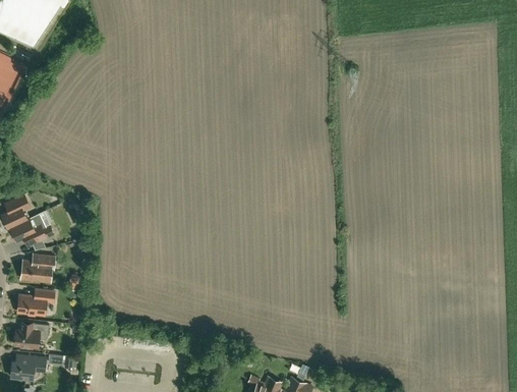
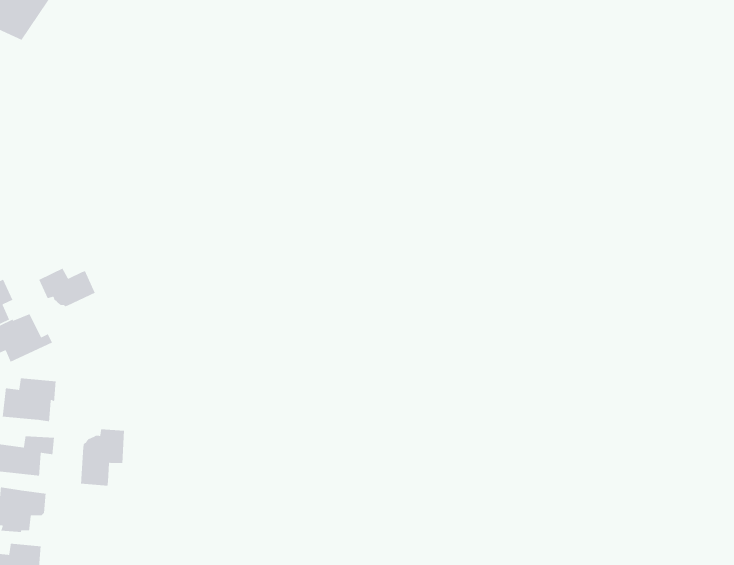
building: none -> [38,267,96,307]
building: none -> [80,428,125,486]

